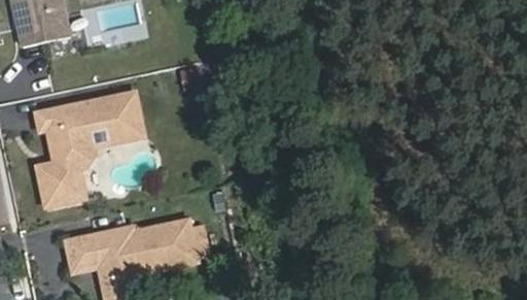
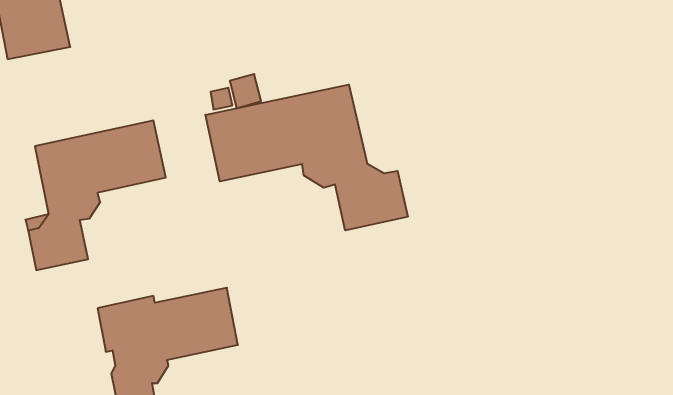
building: none -> [205,85,408,230]
building: [63,234,96,272] -> none

